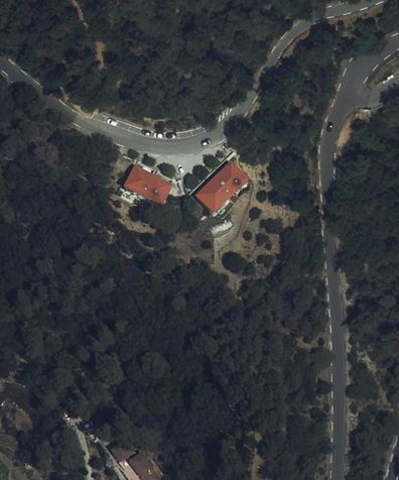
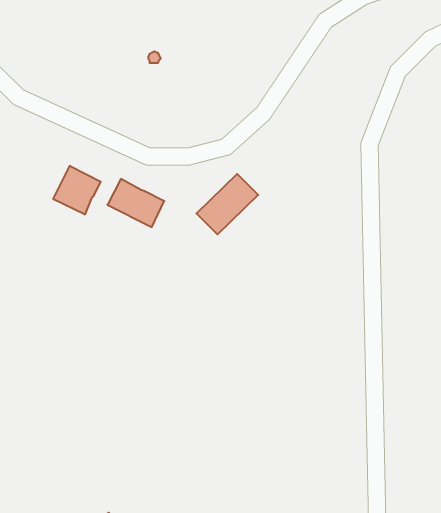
building: none -> [53,166,101,215]

